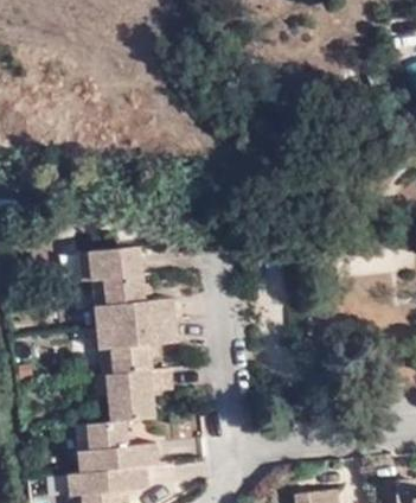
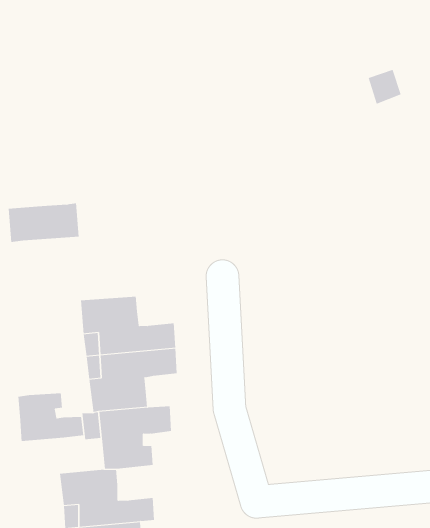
building: [83,247,143,280] -> [8,203,80,242]
building: none -> [18,393,84,442]

